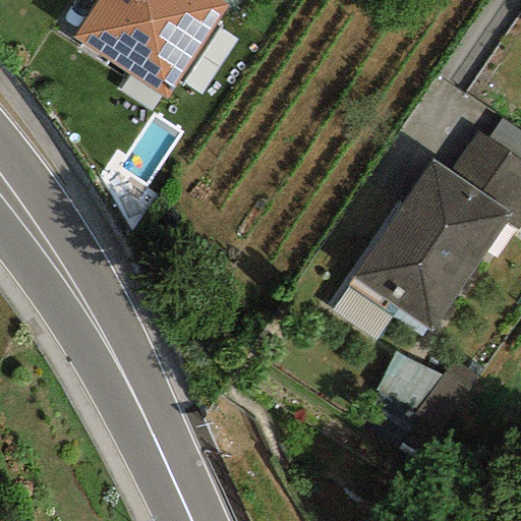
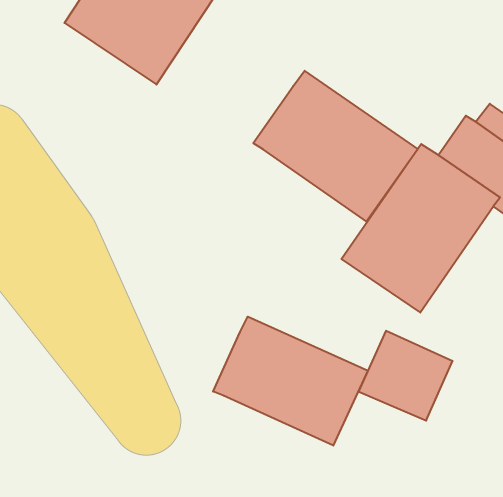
building: none -> [253,71,418,221]
building: none -> [213,317,368,446]

